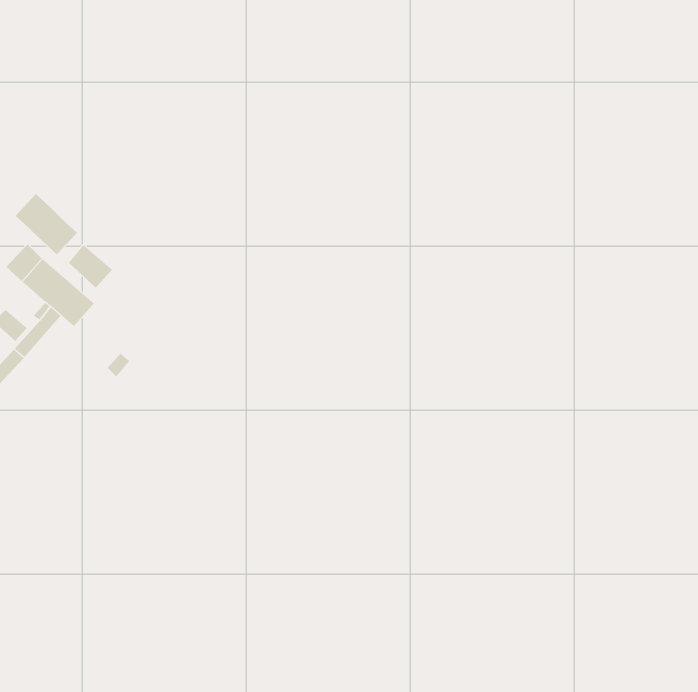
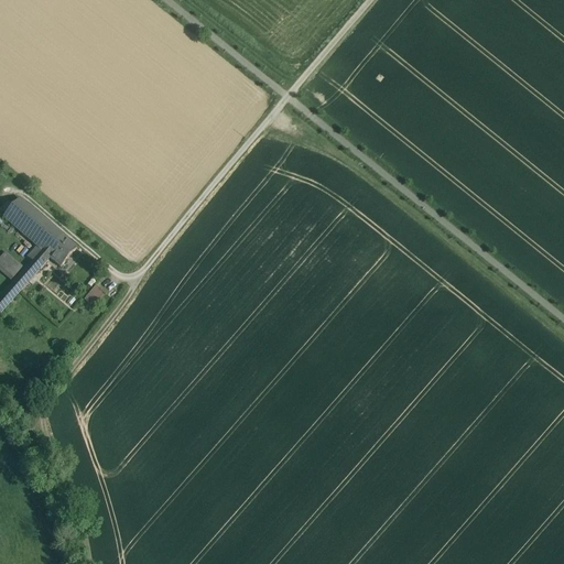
building: [15,193,78,255] -> none
building: [68,244,113,288] -> none

